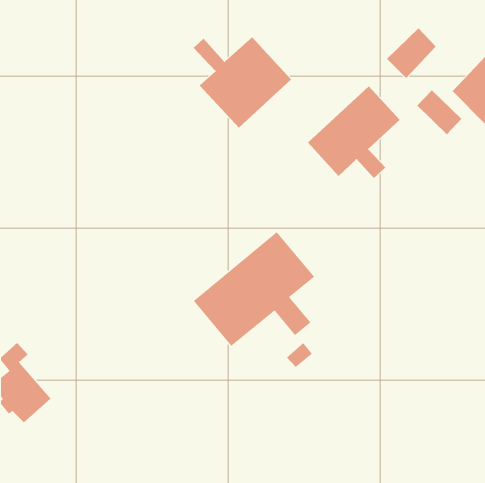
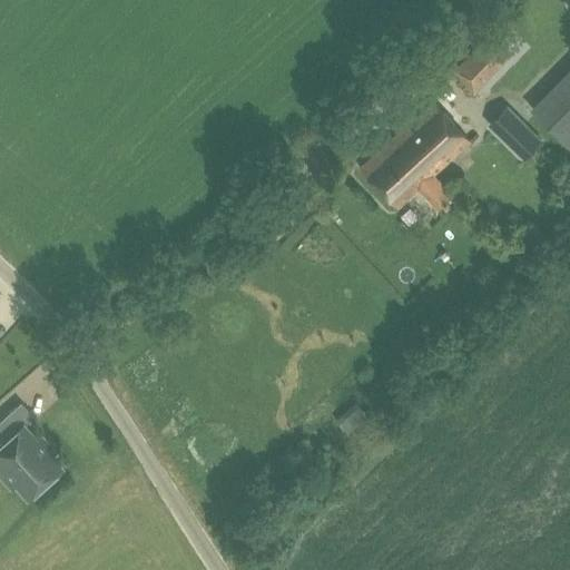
building: [193,37,292,128] -> none
building: [193,231,315,347] -> none

